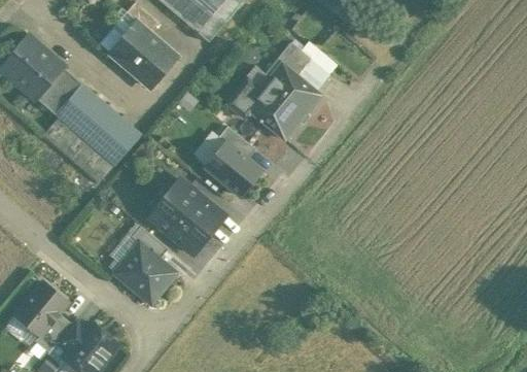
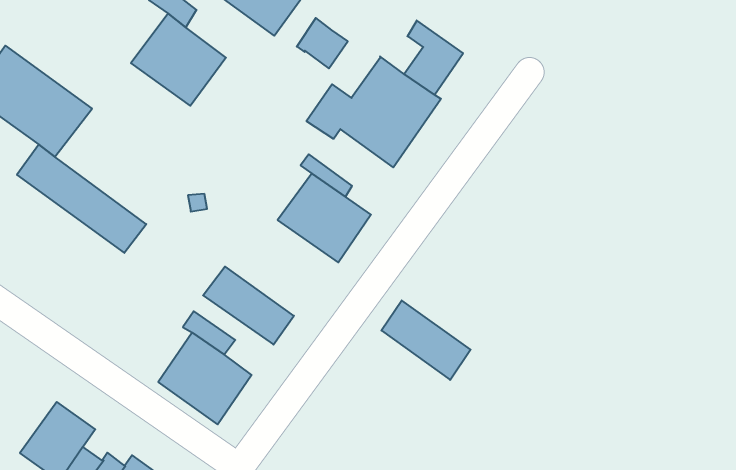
building: [275,40,310,75] -> [297,18,348,68]
building: [54,82,140,165] -> none
building: [164,177,223,234] -> [381,300,471,380]

